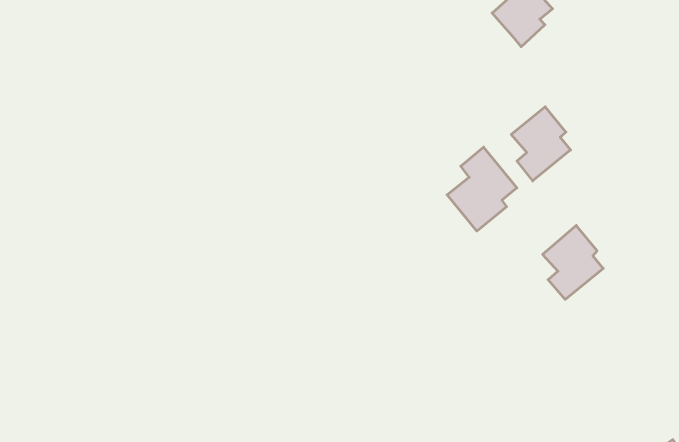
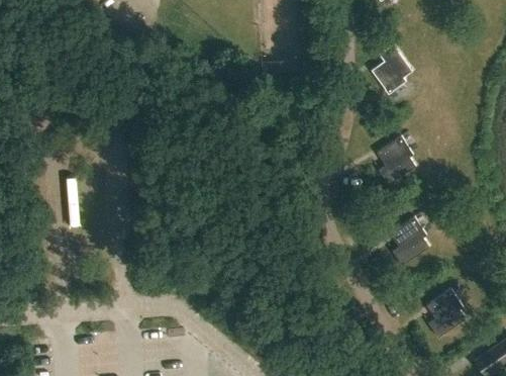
building: [447,147,517,231] -> none
building: none -> [426,290,466,338]

